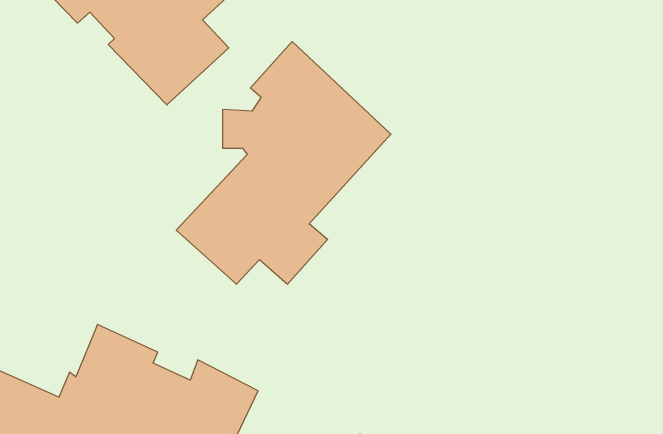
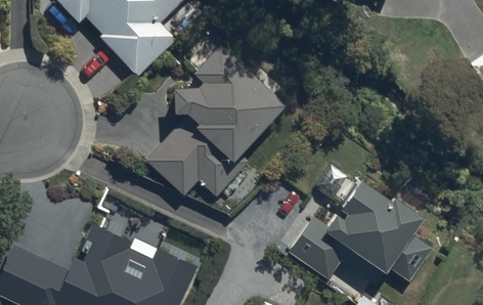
building: none -> [288,173,433,288]

